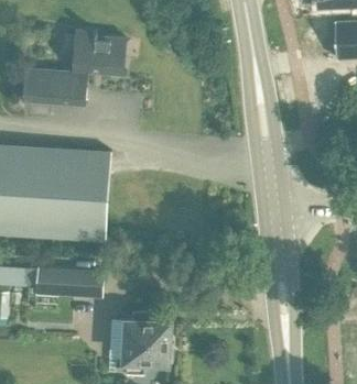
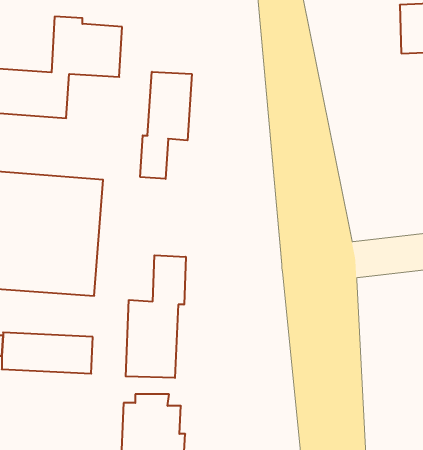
building: none -> [140,72,192,179]
building: none -> [126,255,186,378]

